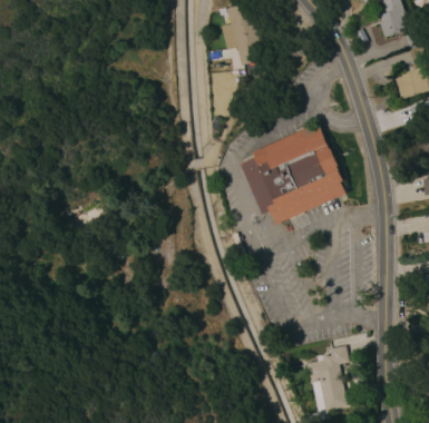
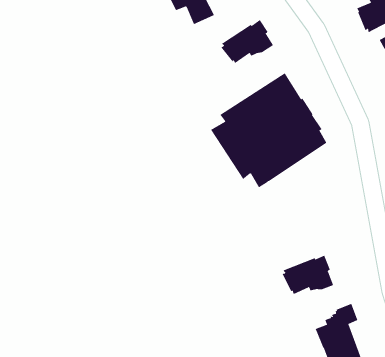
building: none -> [220,19,274,64]
building: none -> [282,255,334,295]

